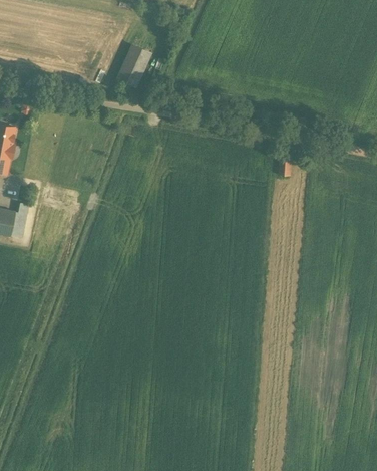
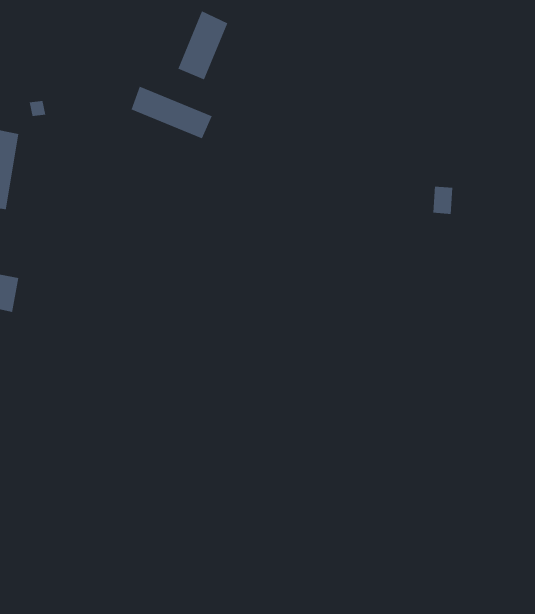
building: none -> [131,86,212,139]

